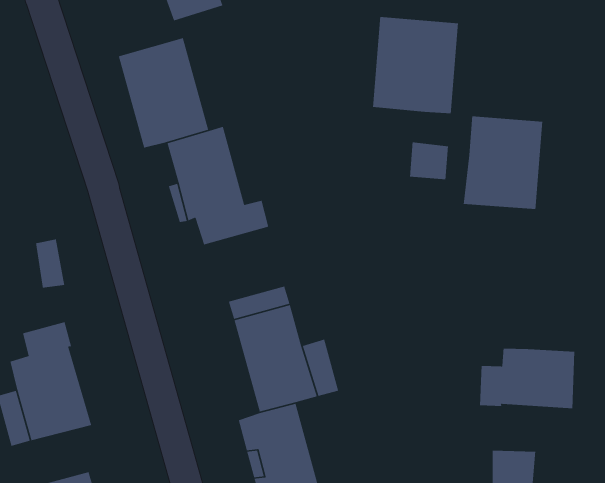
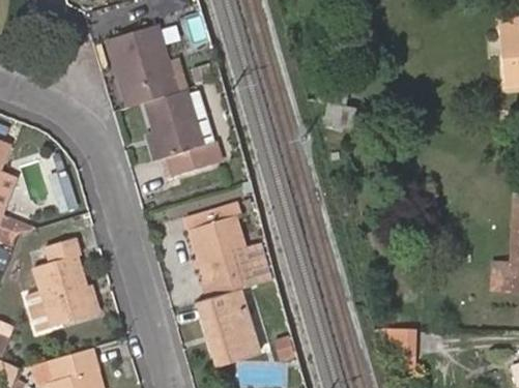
building: [372,16,459,114] -> none
building: [463,116,543,210] -> none
building: [479,348,575,409] -> none

